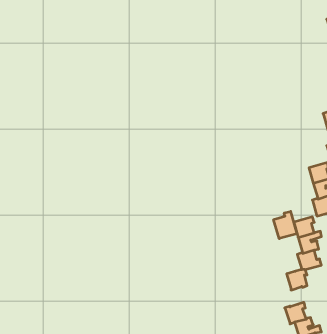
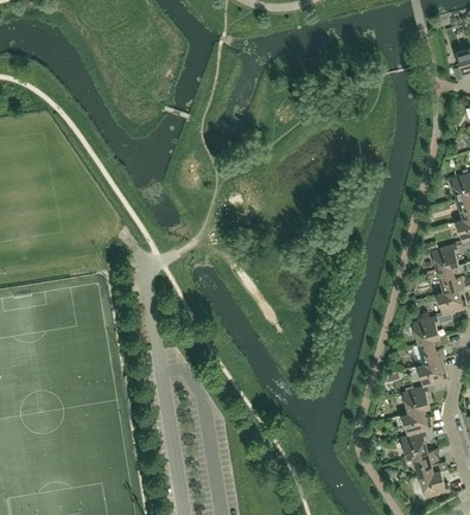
building: [274,211,297,239] -> none
building: none -> [401,409,432,437]

